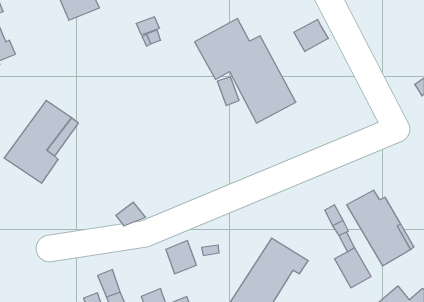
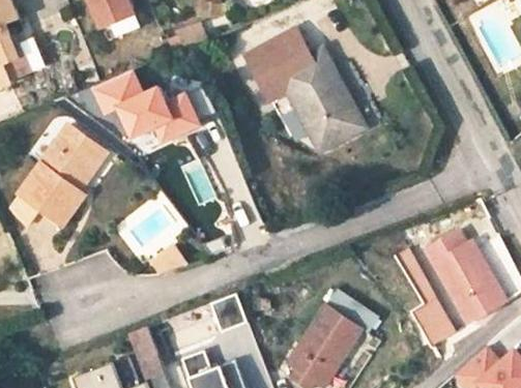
building: [294,19,328,52] -> none
building: none -> [90,69,197,144]

